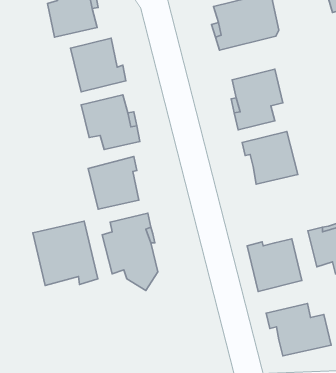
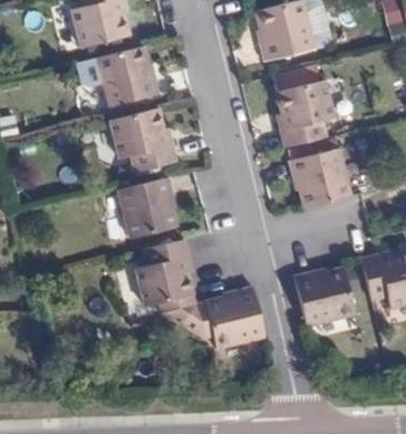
building: [33,221,98,286] -> none
building: none -> [182,286,266,347]
building: [266,304,331,356] -> none

